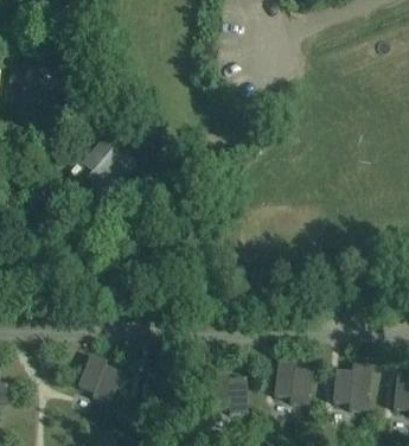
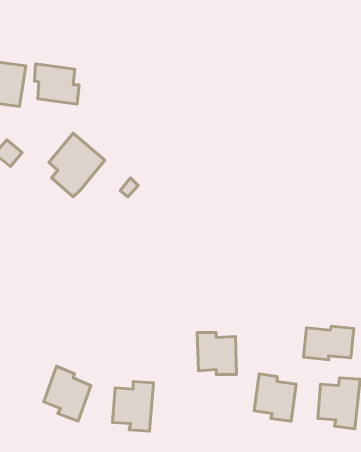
building: none -> [35,64,79,104]
building: none -> [303,326,354,360]
building: [211,374,248,413] -> [197,333,237,375]

